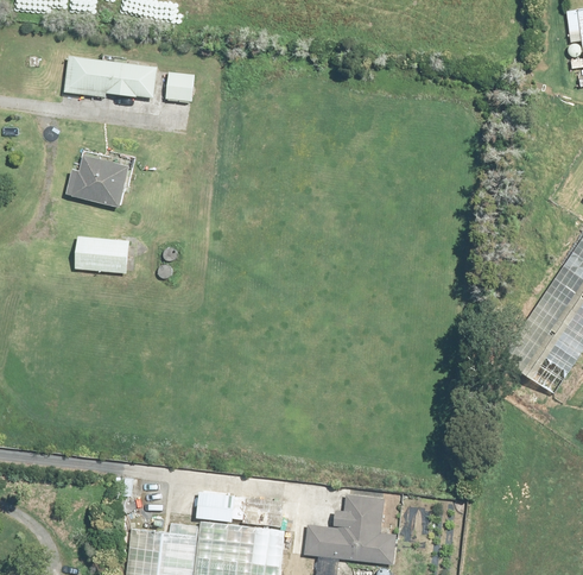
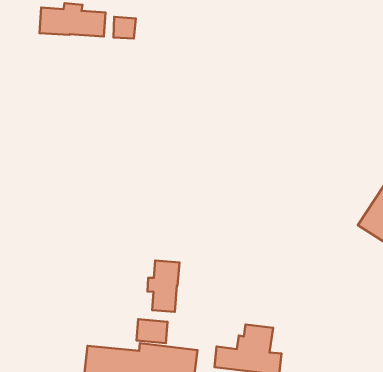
building: [62,147,129,204] -> none
building: [75,239,132,278] -> none
building: none -> [148,261,180,312]

